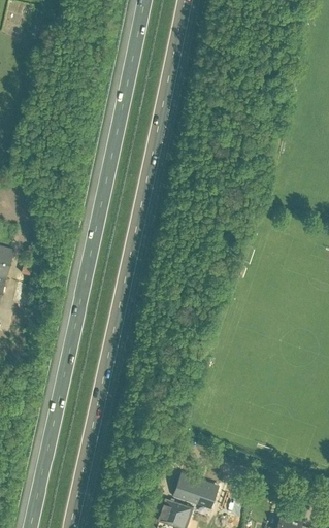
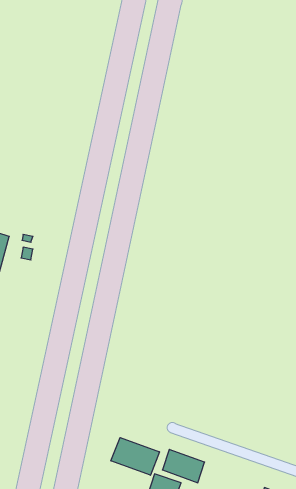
building: none -> [111,438,159,475]

